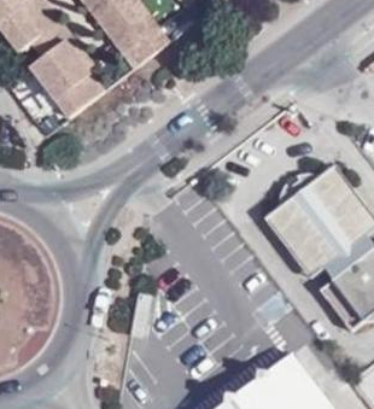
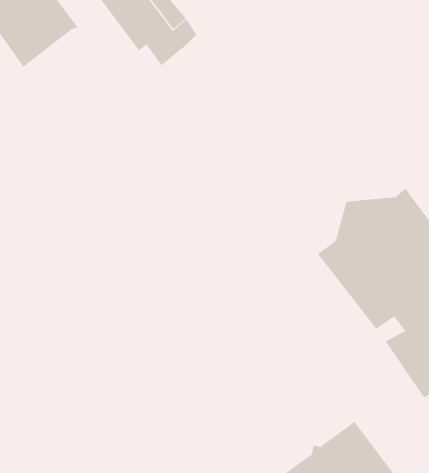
building: [27,39,103,121] -> none

